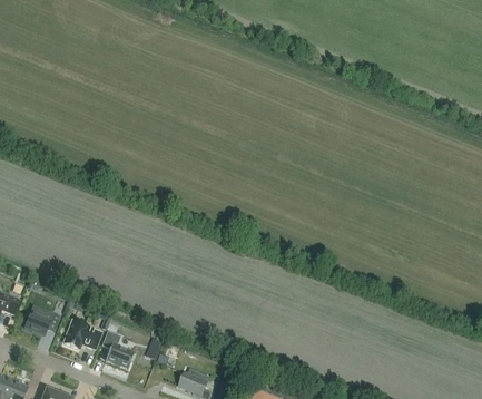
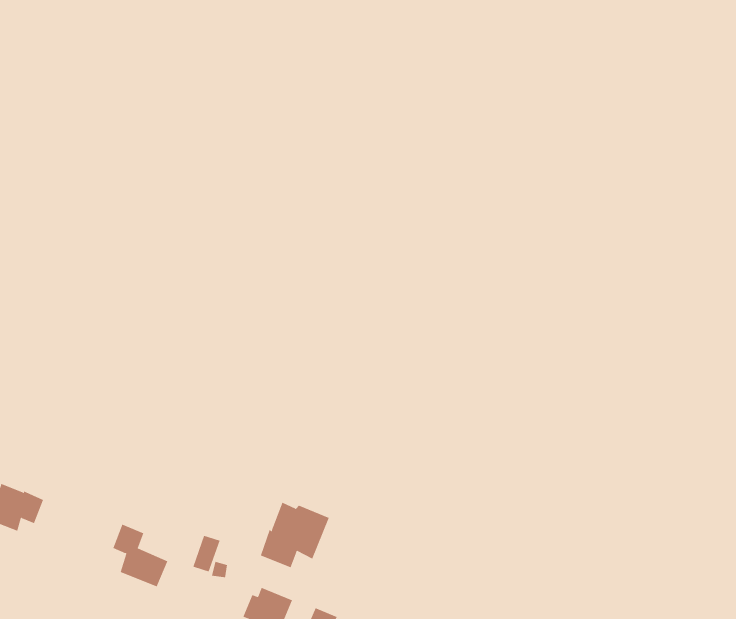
building: none -> [260,502,330,568]
building: [63,319,101,349] -> none

